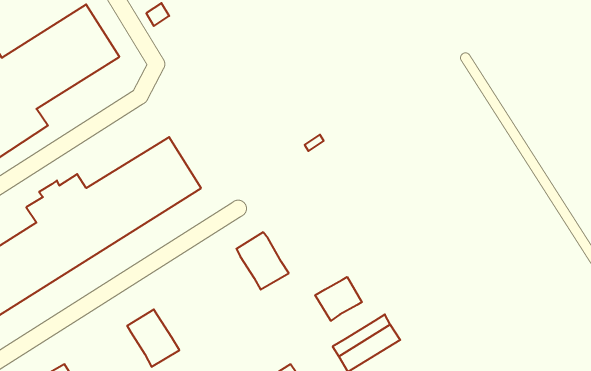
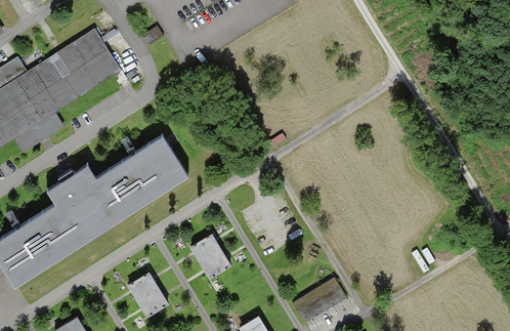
building: [236,232,289,290] -> [189,234,231,280]
building: [315,277,362,321] -> none

